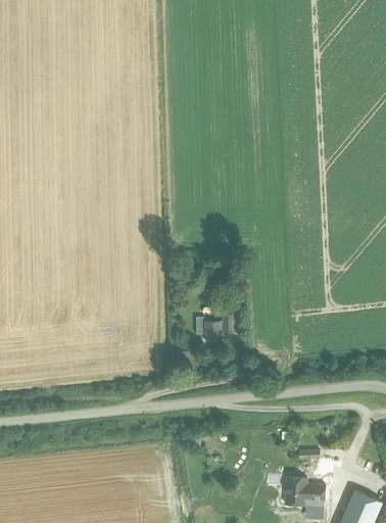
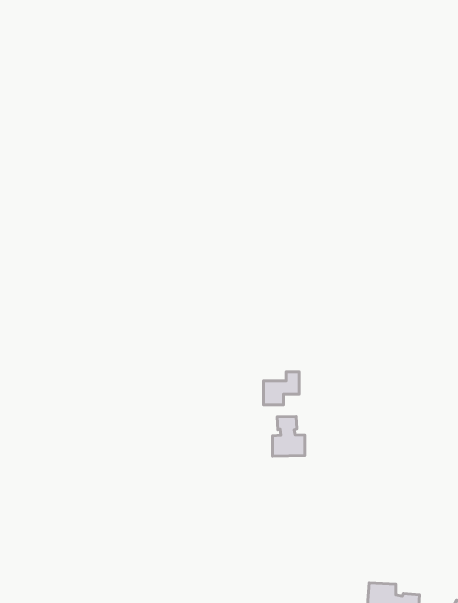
building: none -> [273,417,305,456]

